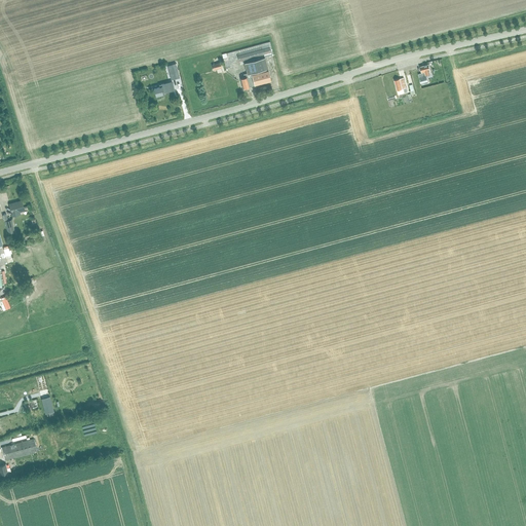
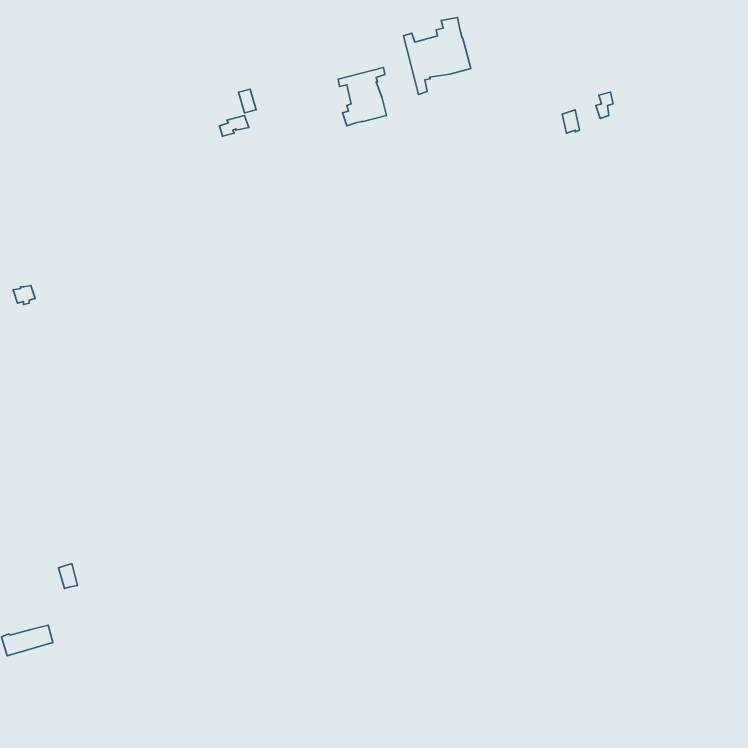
building: none -> [403,18,471,94]

